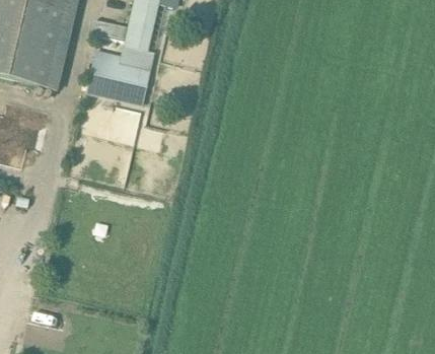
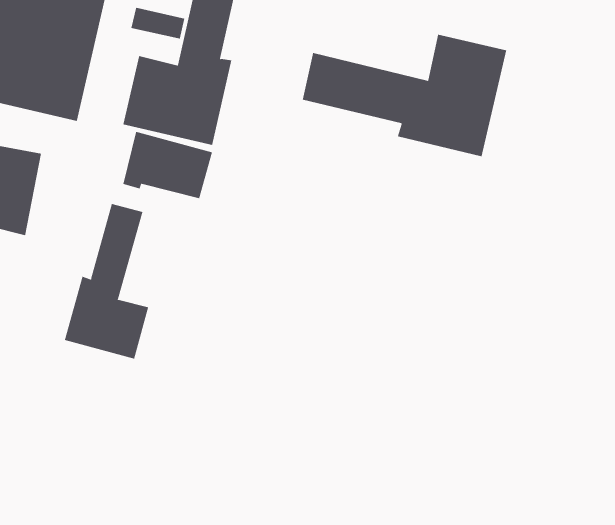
building: none -> [302,34,507,157]
building: none -> [64,203,149,360]

